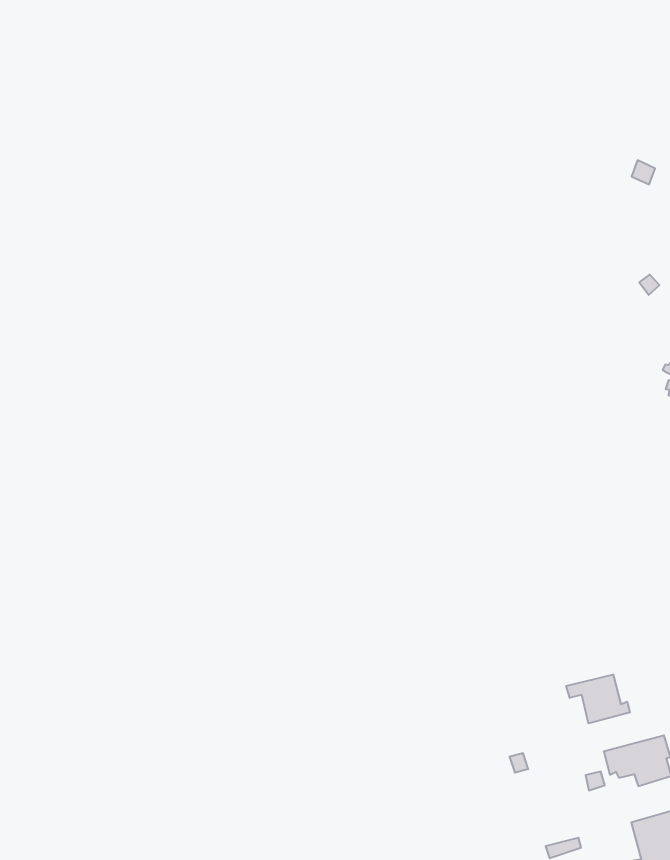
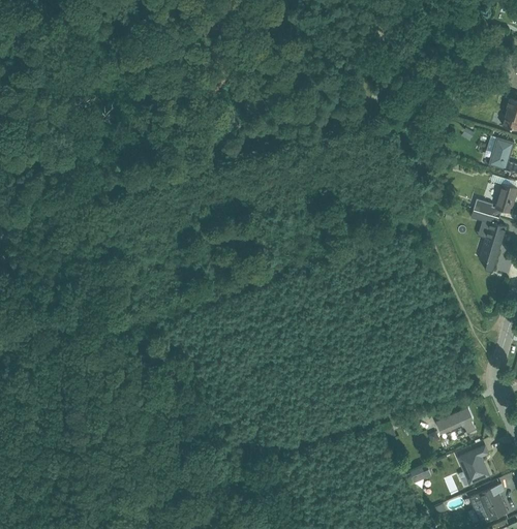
building: [566,674,630,723] -> none

